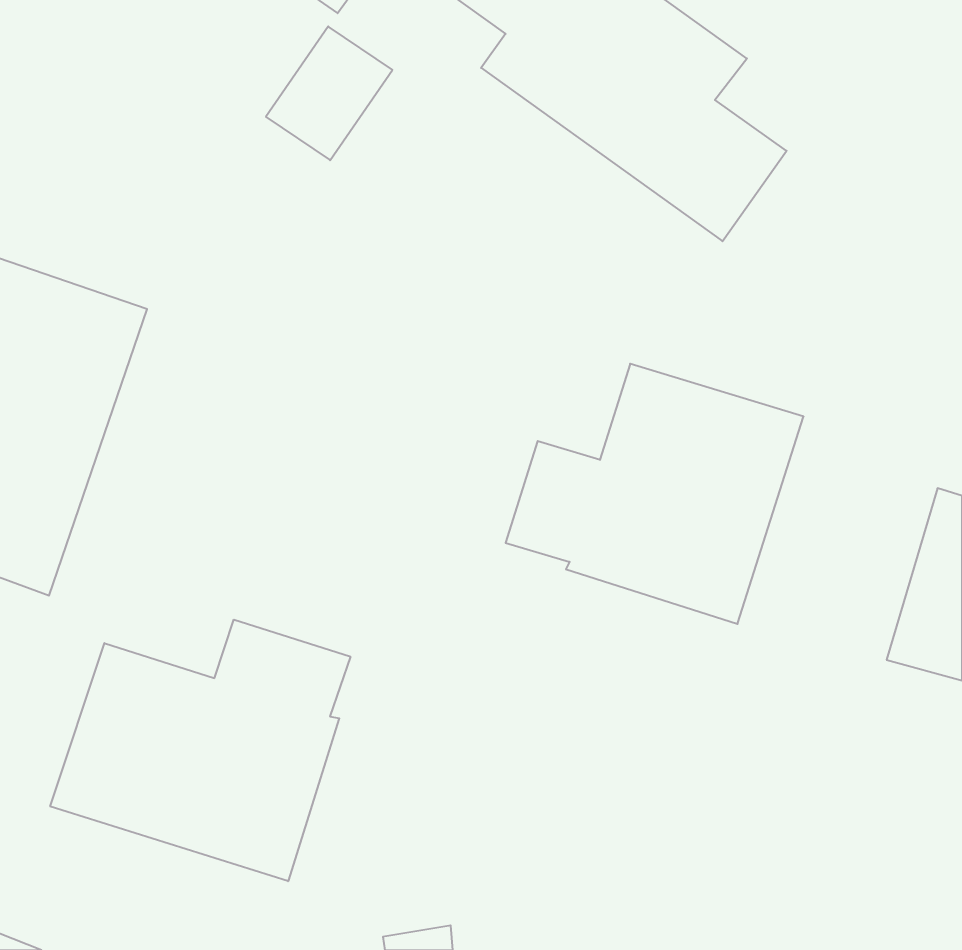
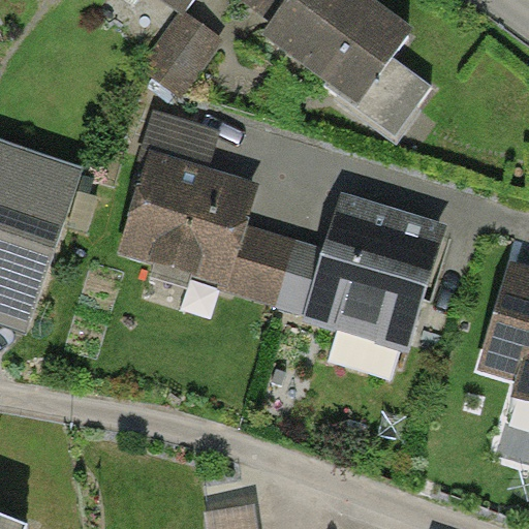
building: none -> [125,113,294,298]
building: [50,620,350,881] -> none

